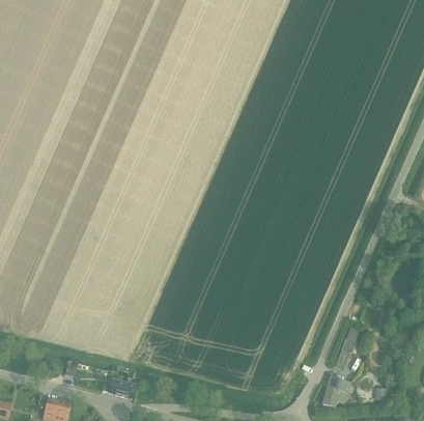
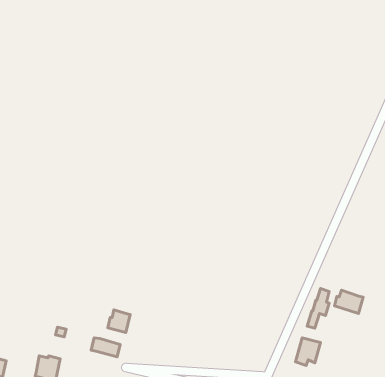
building: none -> [334,290,363,313]
building: none -> [108,310,130,332]

